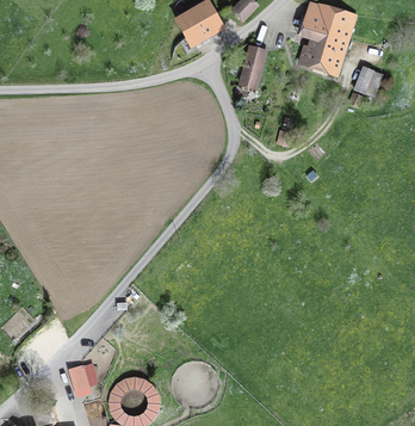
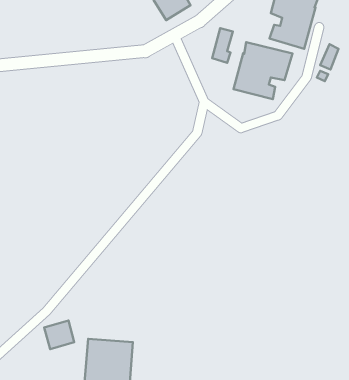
building: none -> [233,42,292,99]

